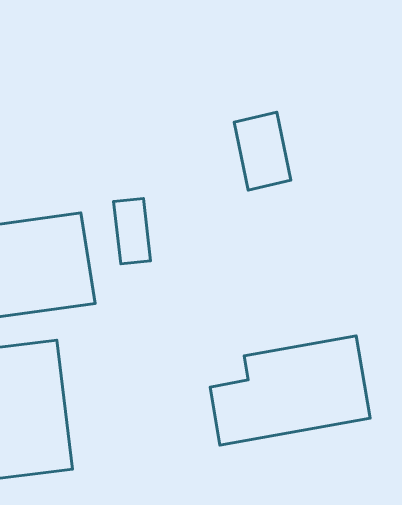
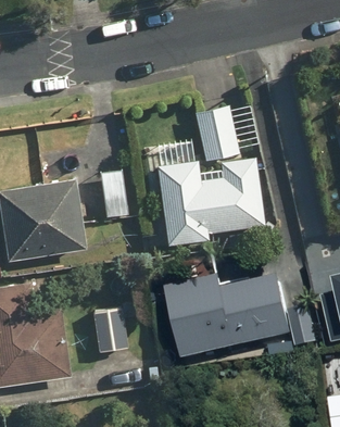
building: none -> [160,156,262,243]
building: none -> [90,304,128,351]

